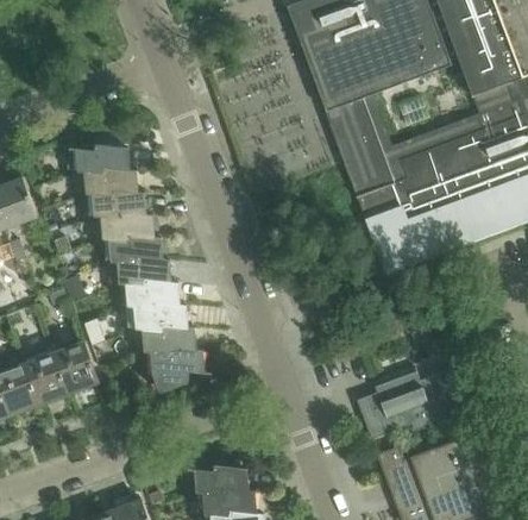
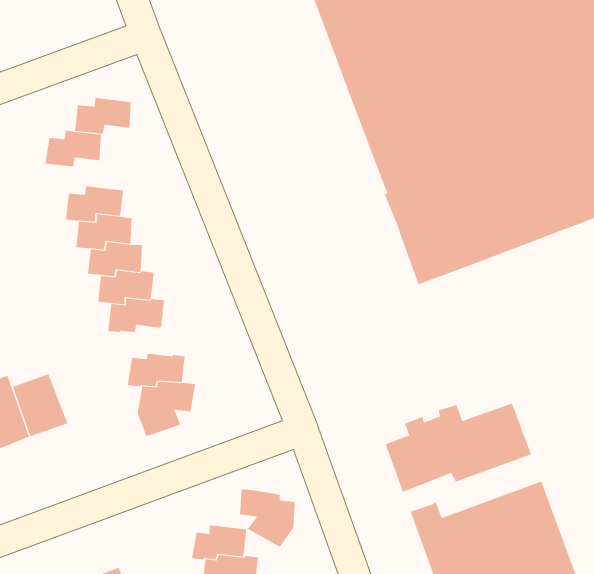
building: [88,167,134,196] -> [74,97,132,134]
building: [139,302,186,330] -> none
building: none -> [240,488,295,547]

